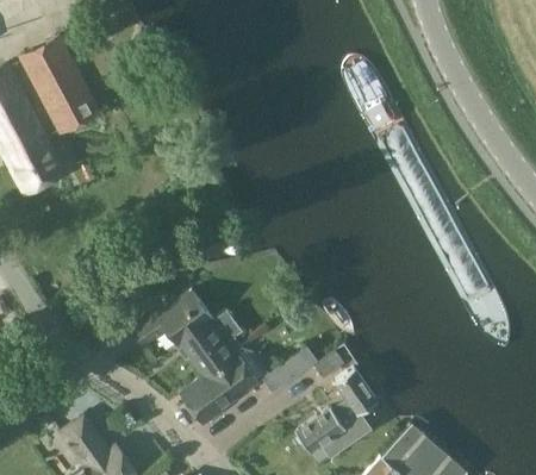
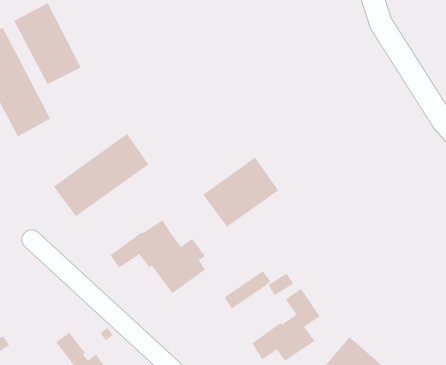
building: none -> [53,133,150,217]
building: none -> [202,156,279,228]
building: [180,352,260,426] -> none

